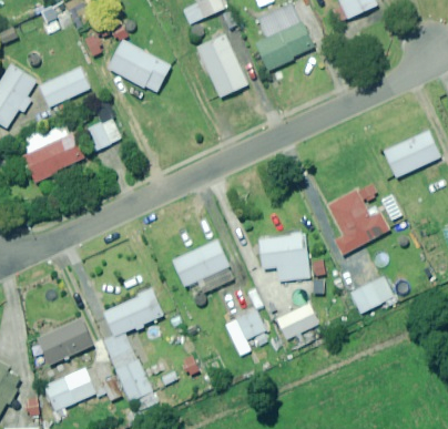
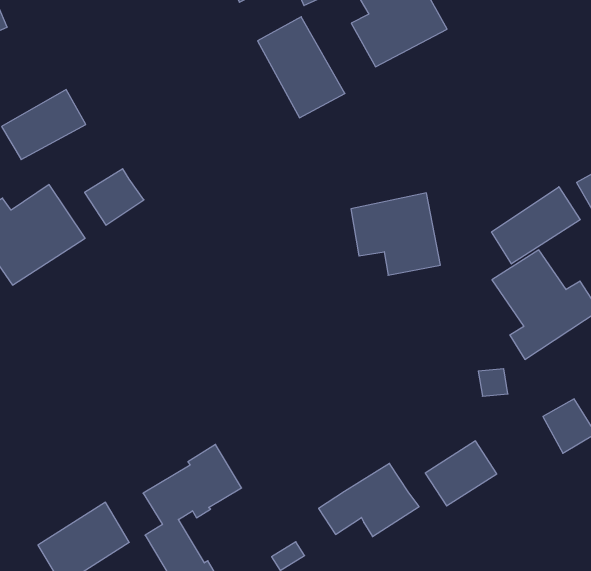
building: [108,41,170,93] -> none
building: none -> [492,187,580,264]
building: [258,234,309,282] -> [351,193,440,275]
building: [172,241,234,293] -> none

